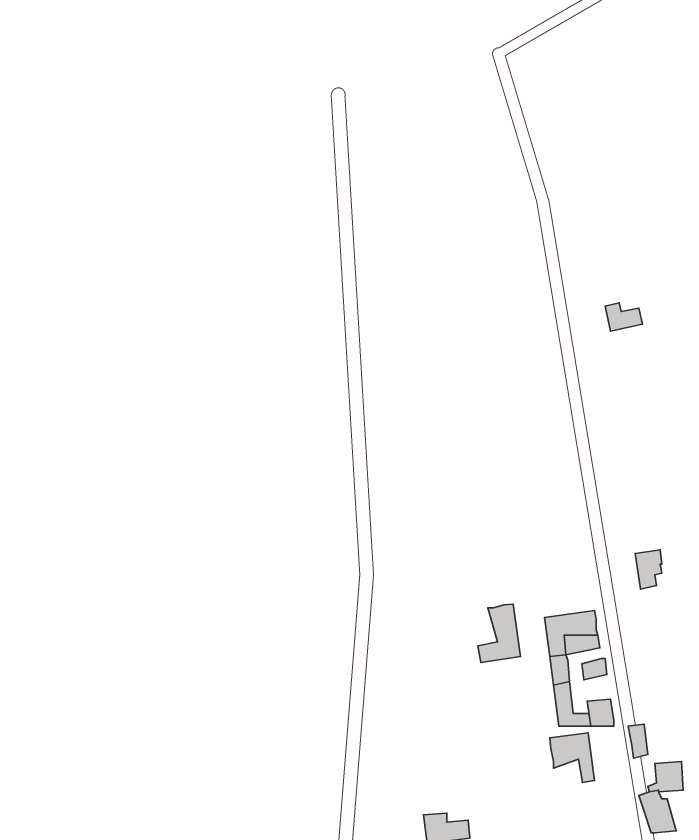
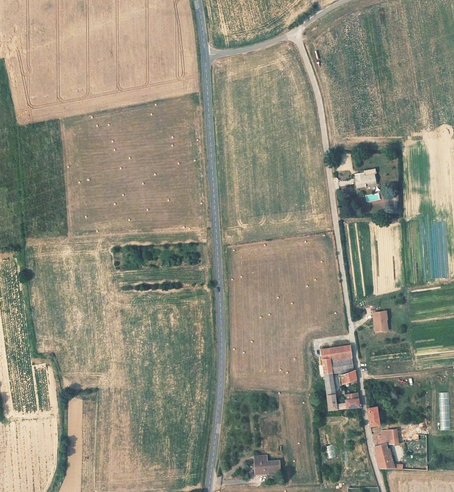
building: [478,604,521,662] -> none
building: [550,733,595,783] -> none

